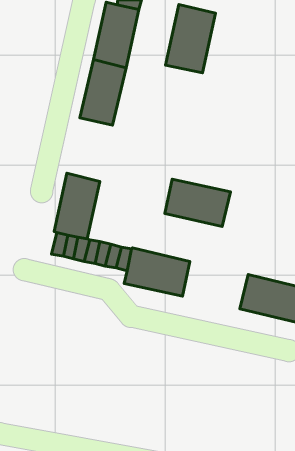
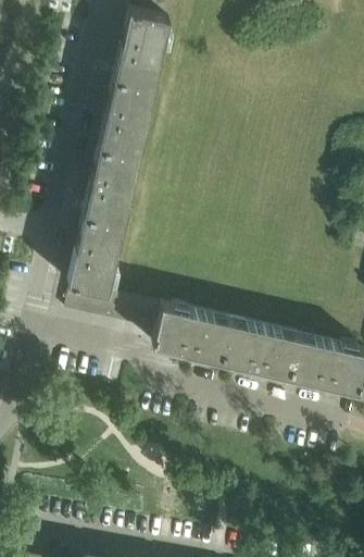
building: [165,5,215,73] -> none
building: none -> [81,147,136,223]
building: [165,179,230,226] -> [219,319,298,375]

